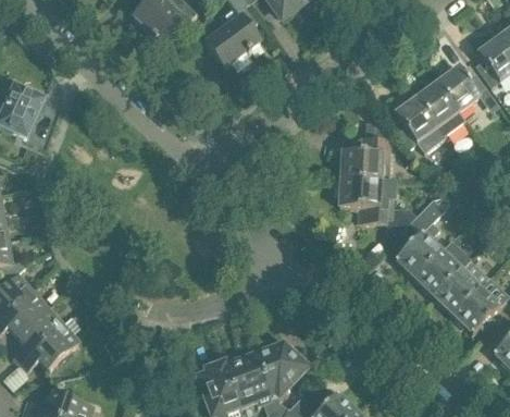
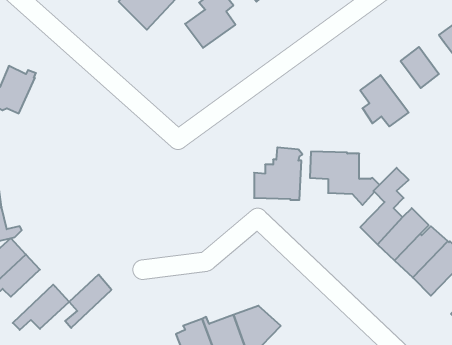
building: [415,79,465,134] -> none
building: [340,123,393,180] -> [254,147,302,200]
building: [12,305,62,363] -> [65,275,111,328]

